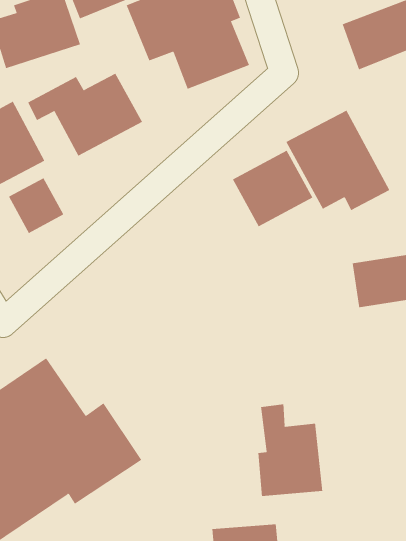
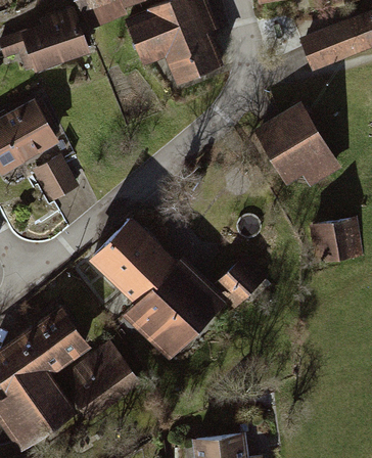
building: [27,73,143,157] -> none
building: [232,150,313,227] -> none
building: none -> [90,217,263,361]
building: [258,403,323,497] -> none

